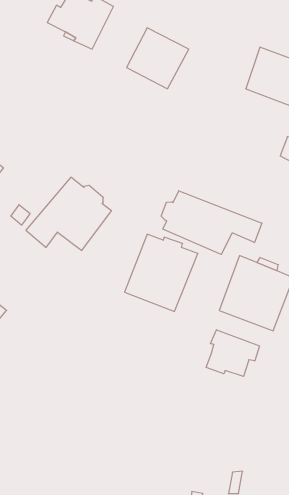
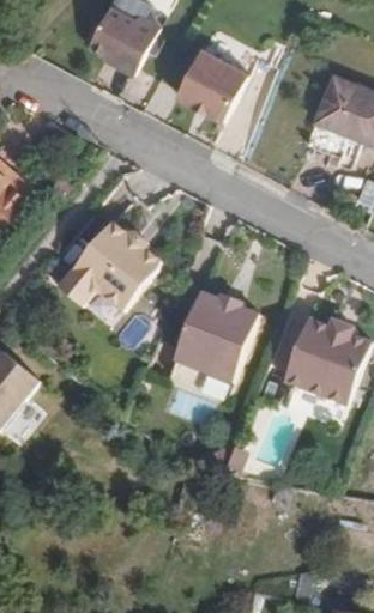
building: [161,191,262,254] -> none
building: [206,330,260,376] -> none

